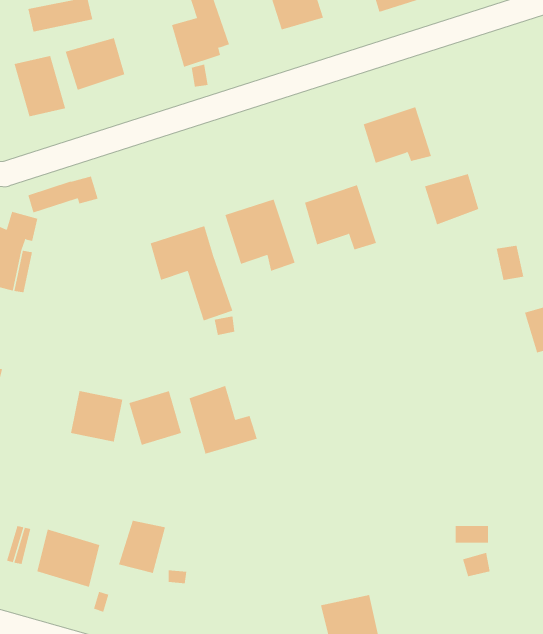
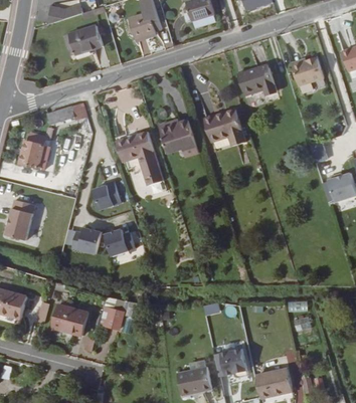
building: [14,55,66,117] -> none
building: [424,174,479,225] -> [292,56,323,85]
building: none -> [94,183,121,212]
building: [189,385,257,455] -> none

